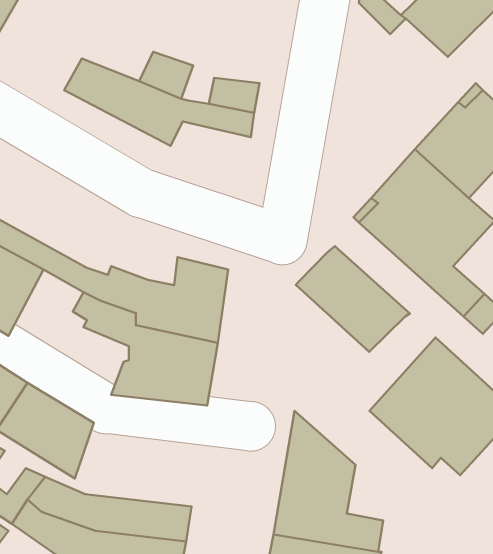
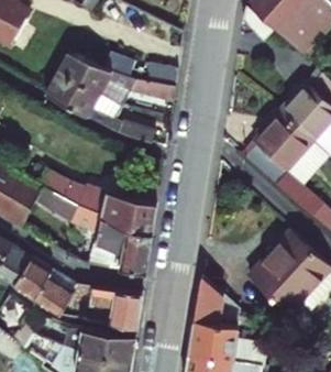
building: none -> [44,73,156,144]
building: [296,246,410,352] -> none
building: none -> [63,283,143,329]

